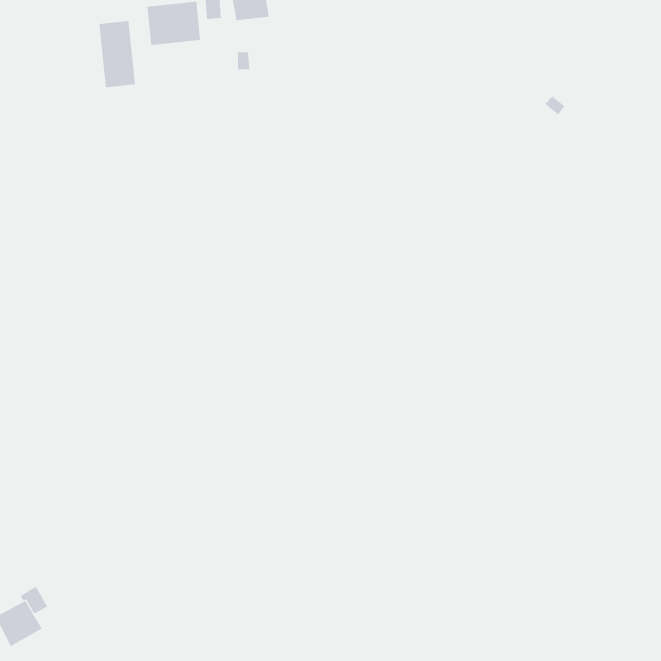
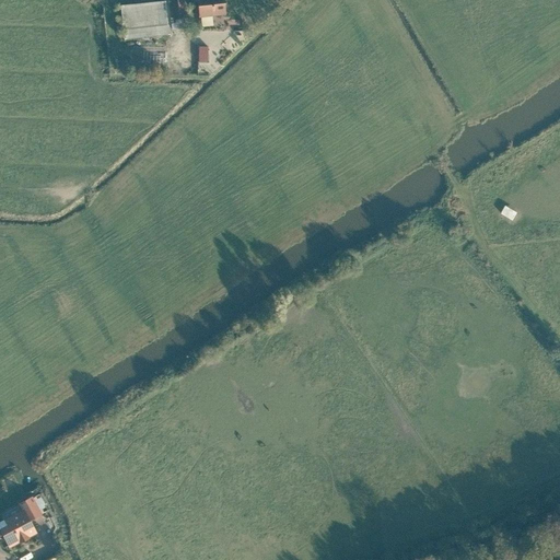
building: [99,20,135,88] -> none

